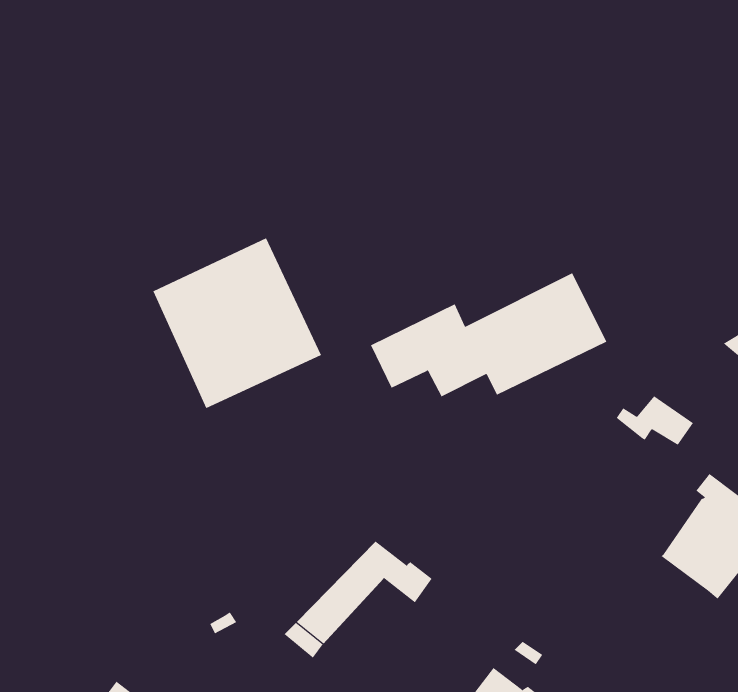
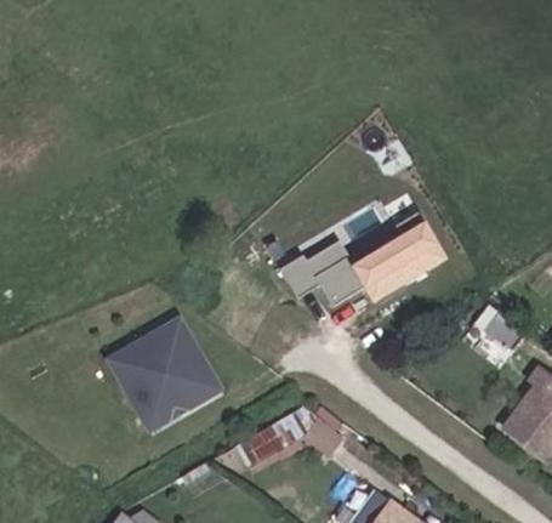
building: [152,237,322,409] -> [114,315,233,436]

